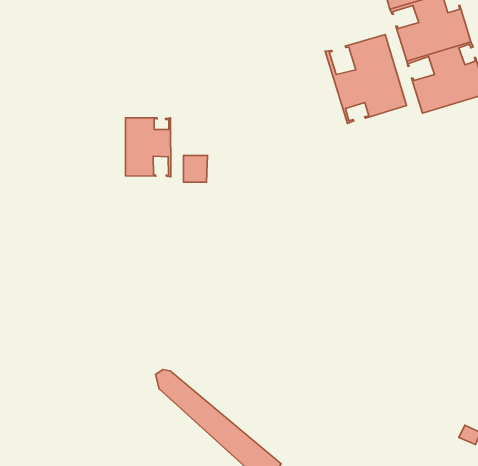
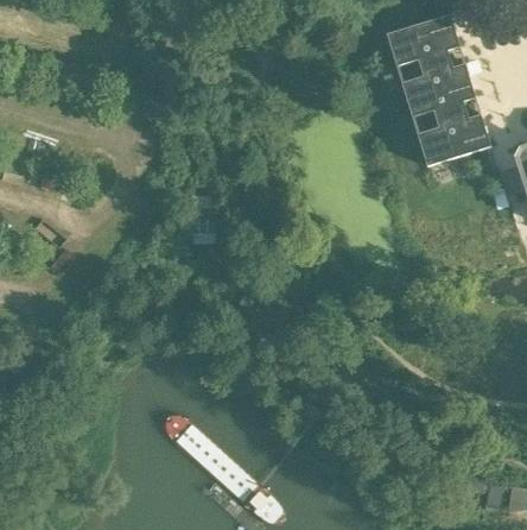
building: [325,34,407,123] -> none
building: [125,118,171,177] -> none

